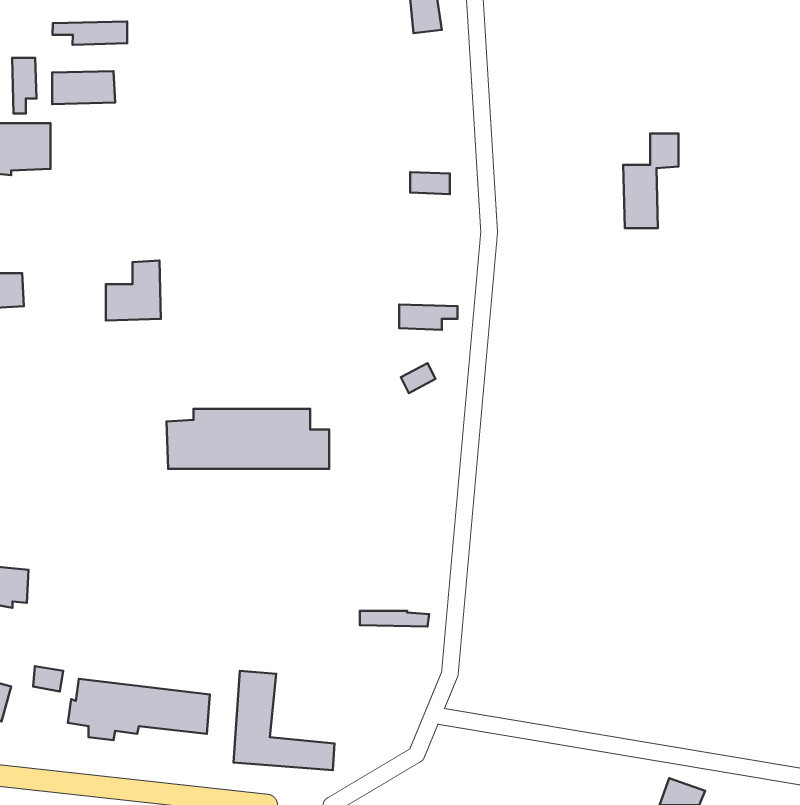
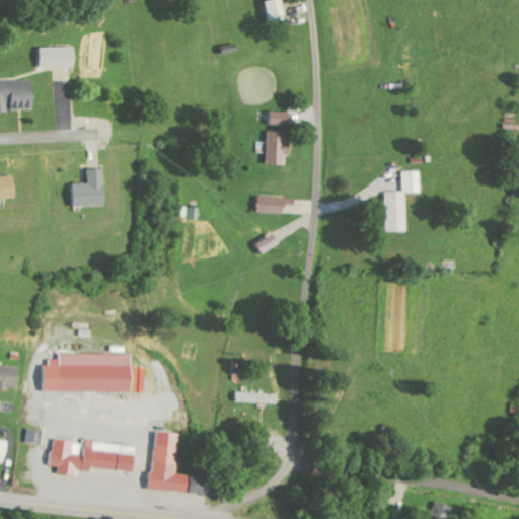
building: [53,21,127,45] -> none
building: [12,58,37,113] -> none
building: [623,133,678,228] -> [382,170,418,231]
building: none -> [264,130,288,164]
building: [167,409,329,469] -> [38,353,142,391]

